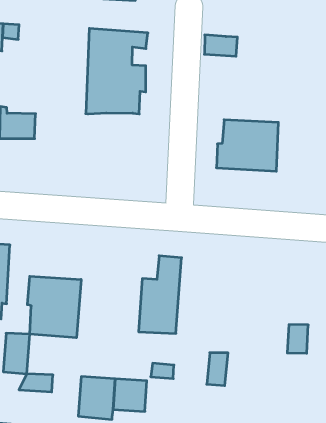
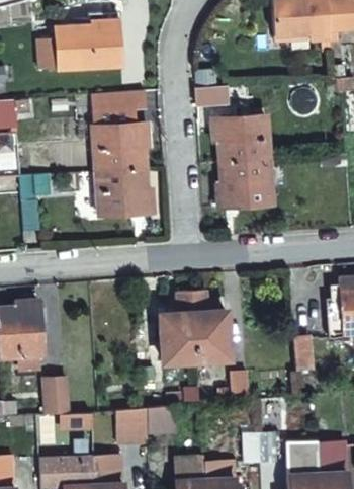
building: none -> [207,114,264,162]
building: none -> [92,167,149,216]
building: none -> [194,288,231,357]
building: [27,276,81,338] -> none

